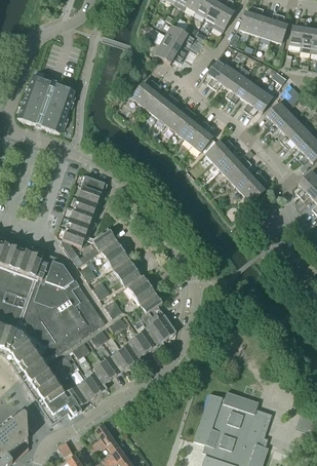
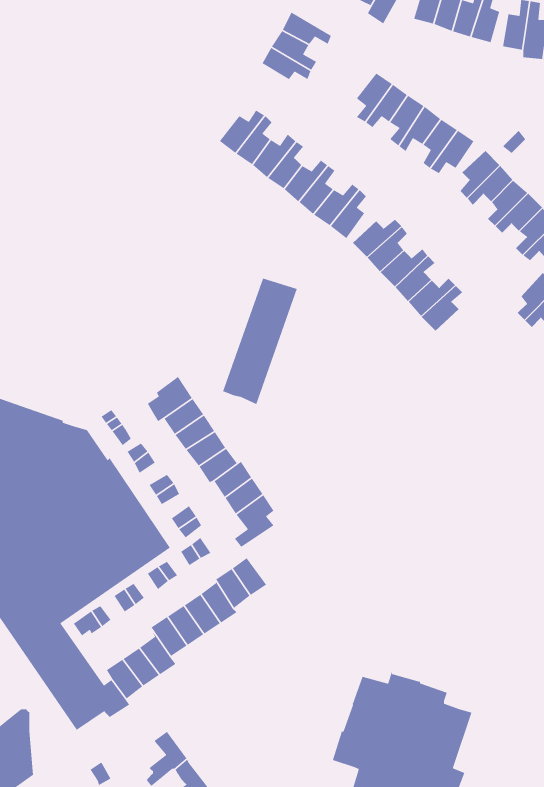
building: [16,75,74,133] -> none
building: [62,176,104,246] -> [222,277,298,405]
building: [146,315,175,343] -> none

